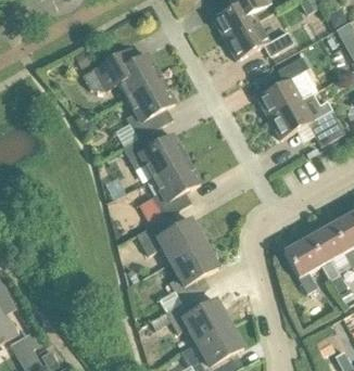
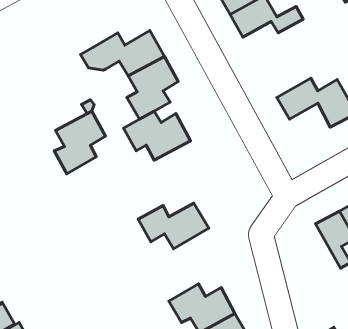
building: [257,55,317,117] -> none
building: [151,158,200,218] -> [54,111,105,174]
building: [283,238,321,293] -> none
building: [169,242,218,303] -> none

